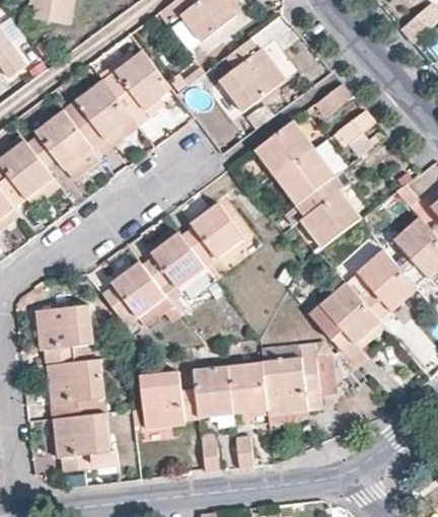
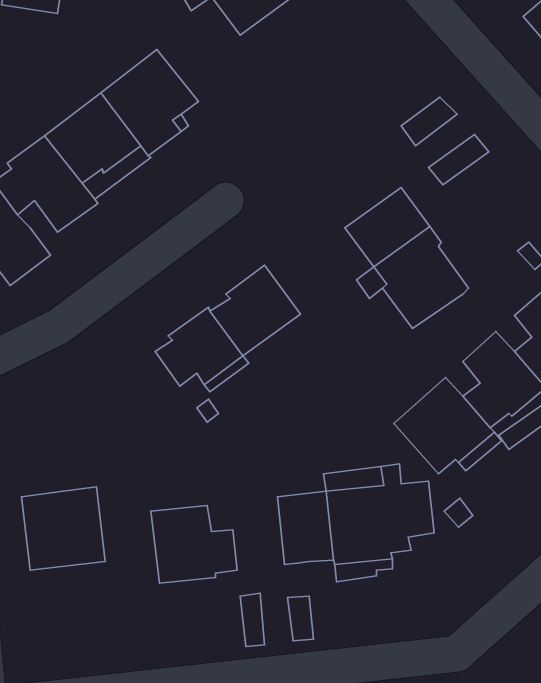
building: [220,39,284,110] -> none
building: [254,121,314,176] -> none
building: [101,261,164,324] -> none
building: [35,304,92,366] -> none
building: [194,366,232,418] -> none
building: [53,412,121,471] -> none

